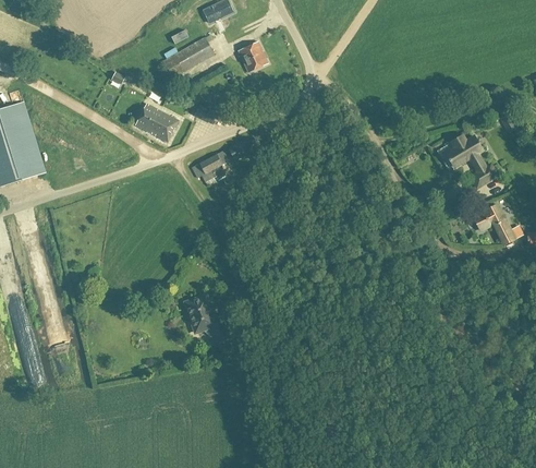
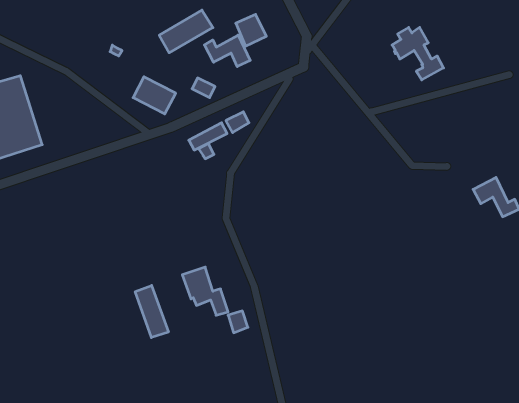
building: none -> [204,35,250,67]
building: [446,135,497,188] -> [392,27,444,80]
building: none -> [135,285,168,338]

